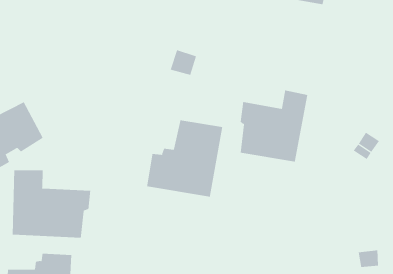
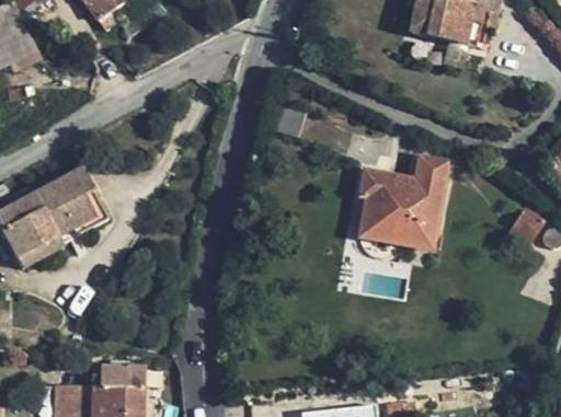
building: [147,120,223,197] -> none
building: [12,170,91,239] -> none

